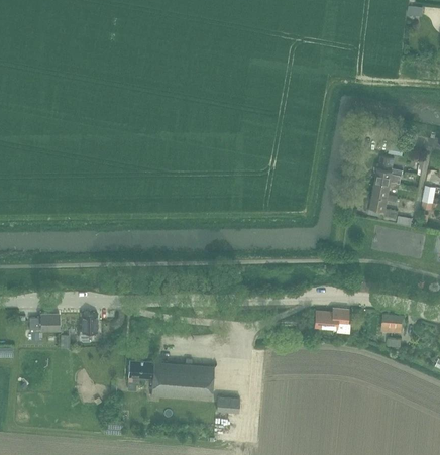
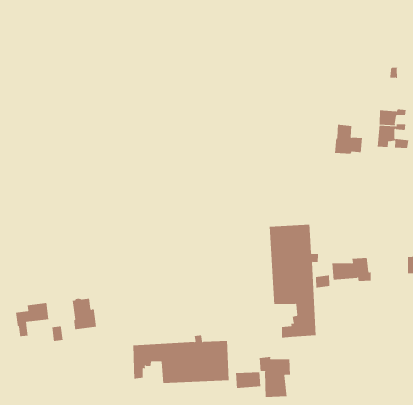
building: [374,154,402,183] -> [334,124,363,154]
building: none -> [269,224,318,338]
building: none -> [259,356,291,398]

